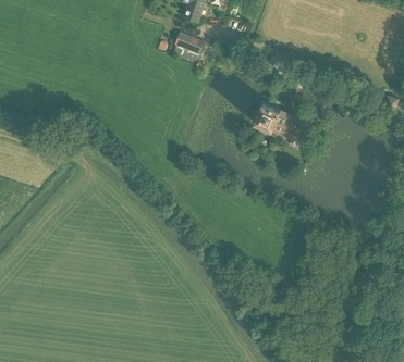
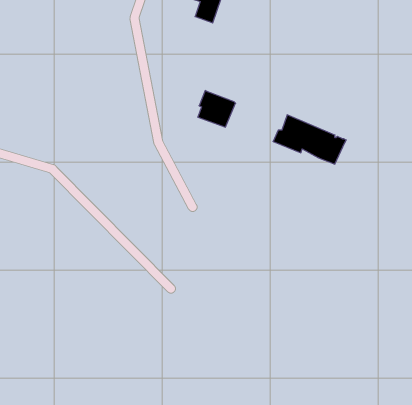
building: [172,30,205,62] -> [198,91,236,127]

